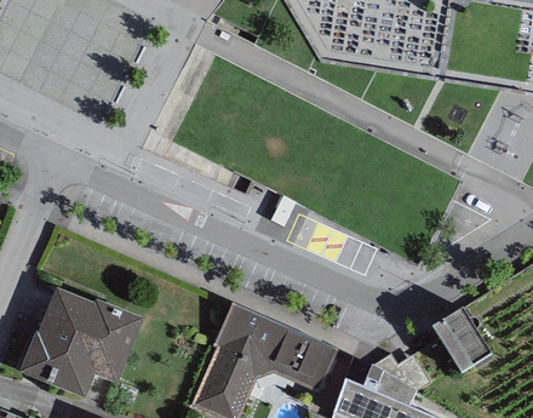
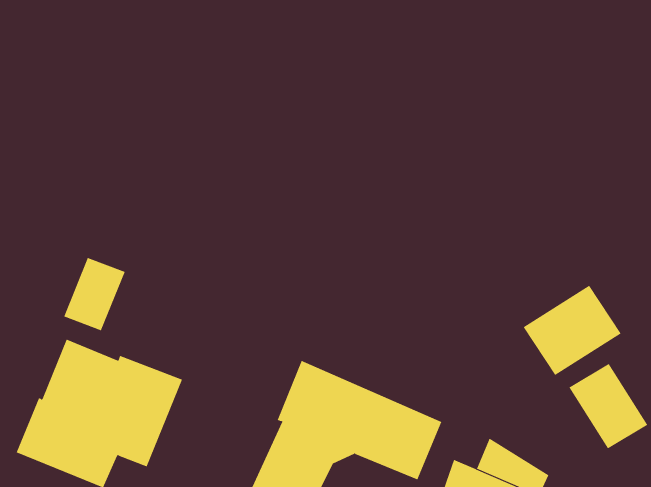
building: none -> [63,257,125,331]
building: none -> [523,285,621,376]

